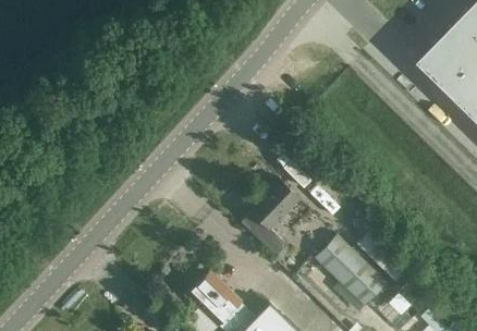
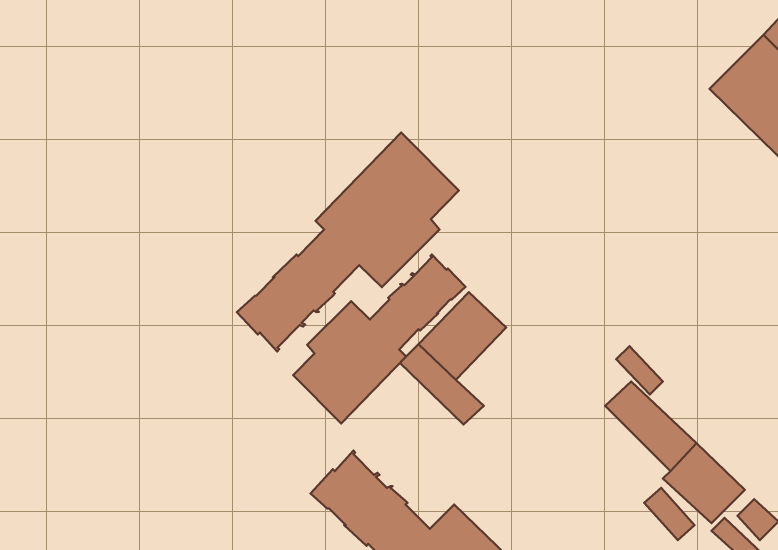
building: none -> [237,133,459,351]
building: none -> [293,254,465,423]
building: [315,235,387,307] -> none

